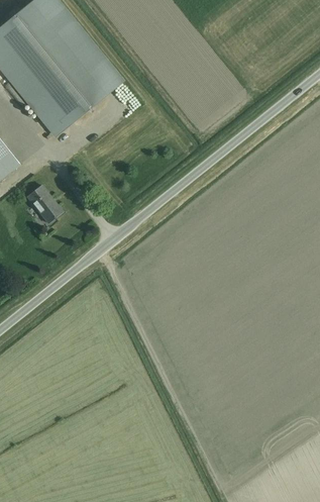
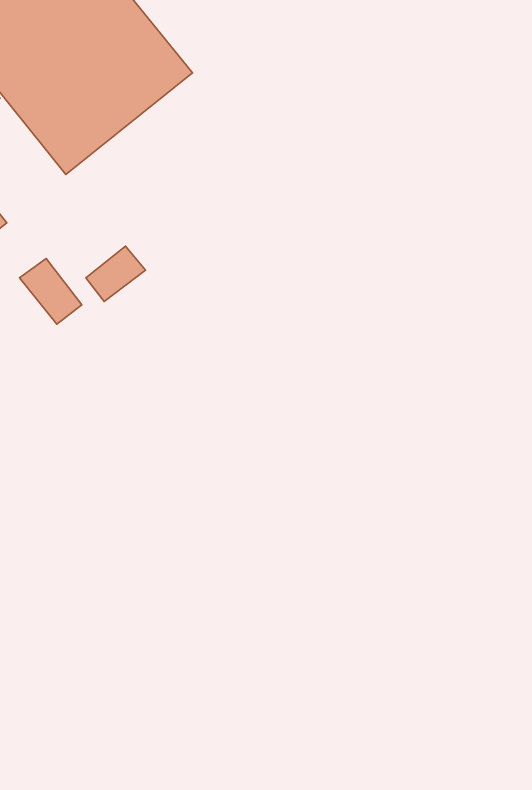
building: none -> [86,246,146,302]

